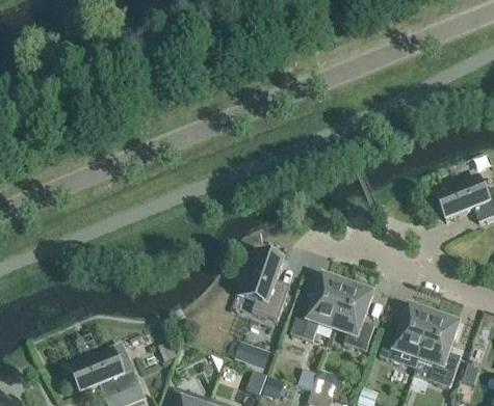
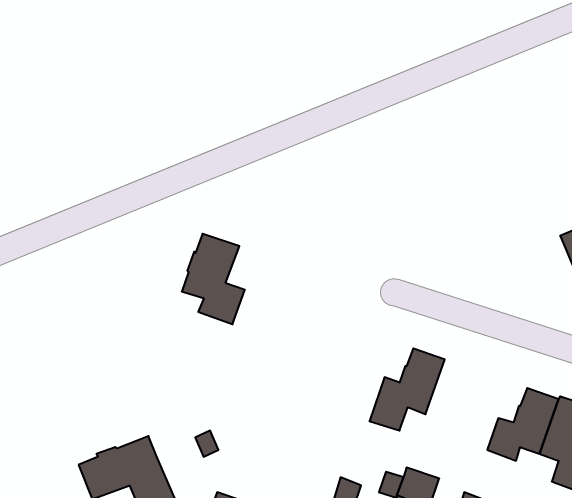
building: [239,251,287,320] -> [182,234,245,324]
building: [333,283,374,351] -> none
building: [234,342,270,369] -> none

